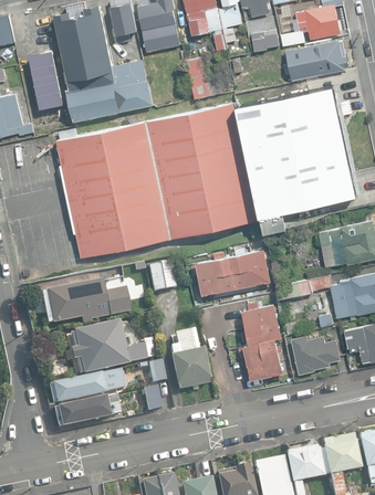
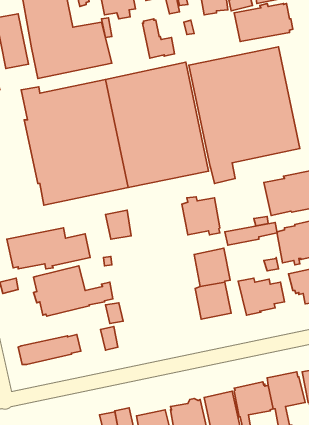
building: [196,251,236,295] -> none
building: [169,331,209,391] -> none
building: [48,370,124,404] -> none

